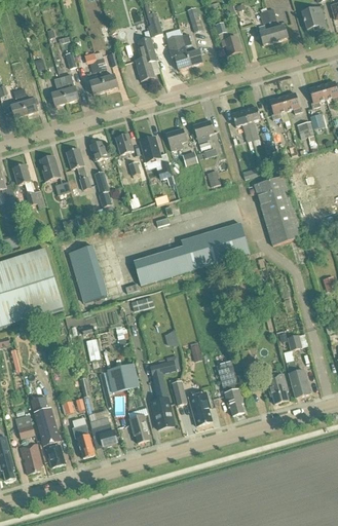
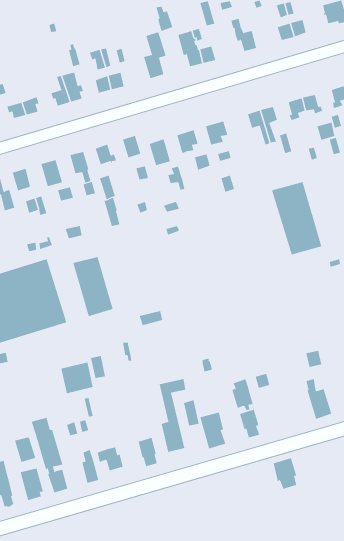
building: [133,223,249,284] -> none
building: [107,363,138,392] -> [60,362,94,394]
building: [265,373,288,403] -> [273,458,297,489]

